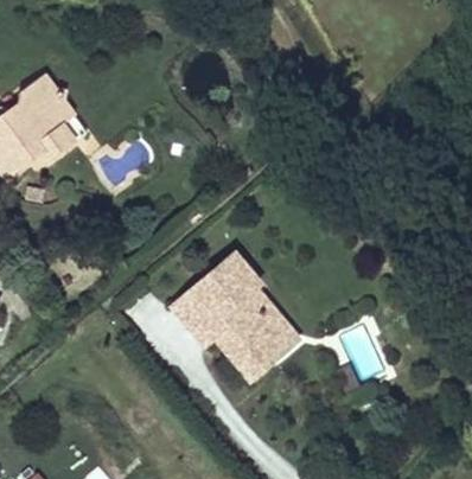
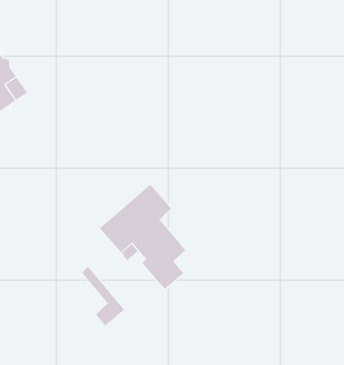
building: [241,283,293,356] -> [81,266,125,326]

